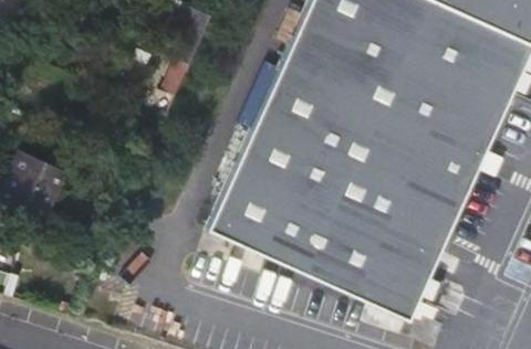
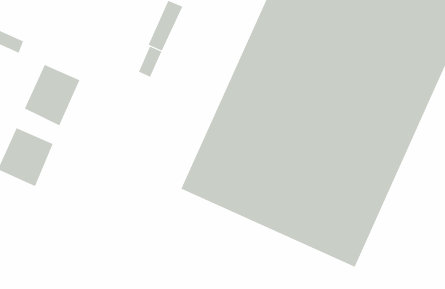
building: none -> [24,64,80,126]

